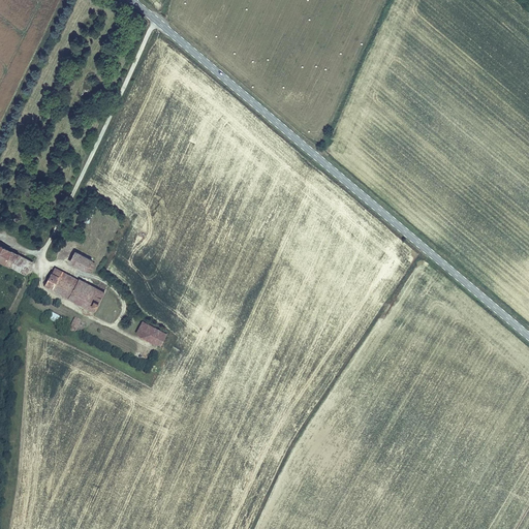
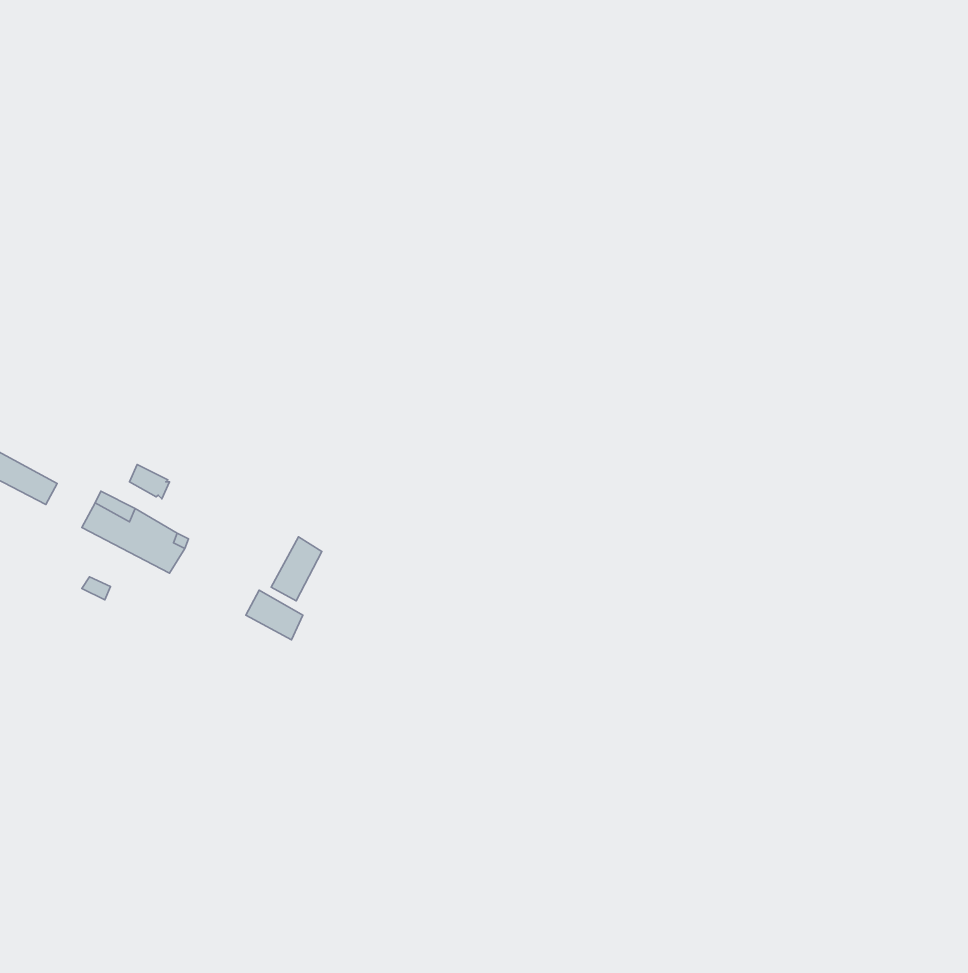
building: none -> [271,537,322,601]

